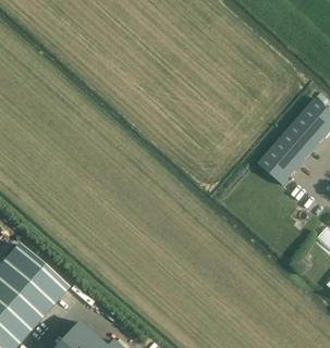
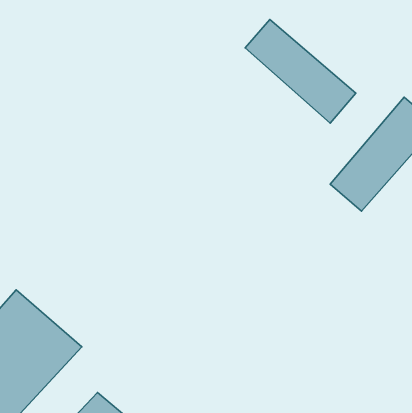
building: none -> [245,19,356,123]

